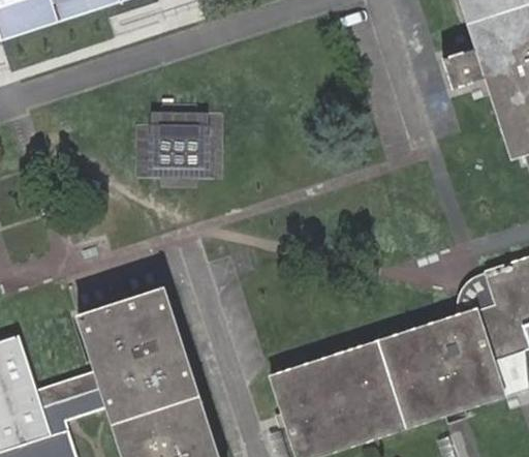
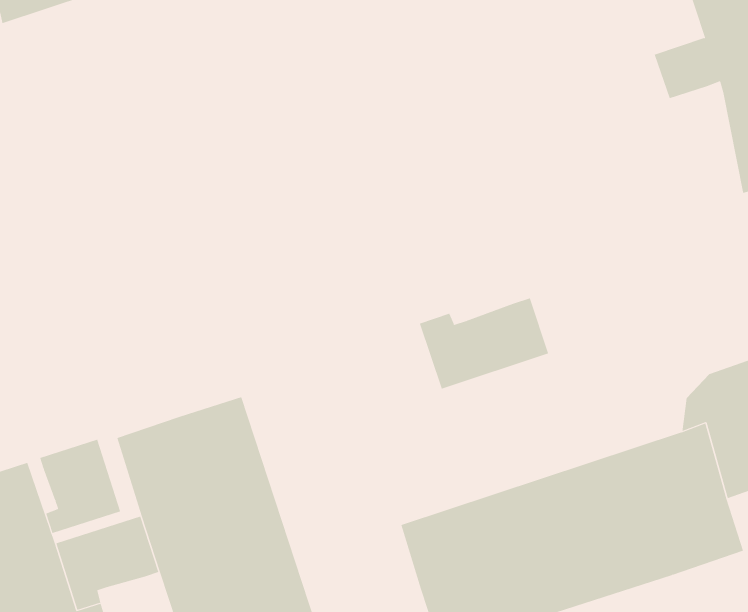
building: [150,105,226,175] -> none
building: none -> [419,298,549,390]
building: none -> [40,439,121,534]

